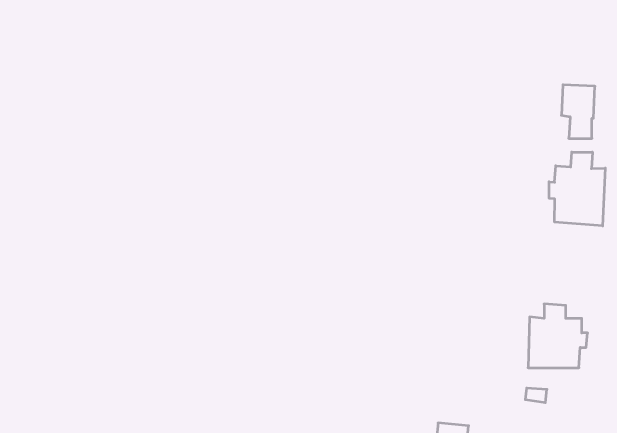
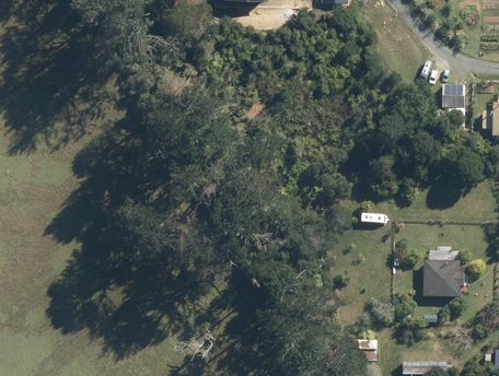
building: [549,152,605,226] -> none

